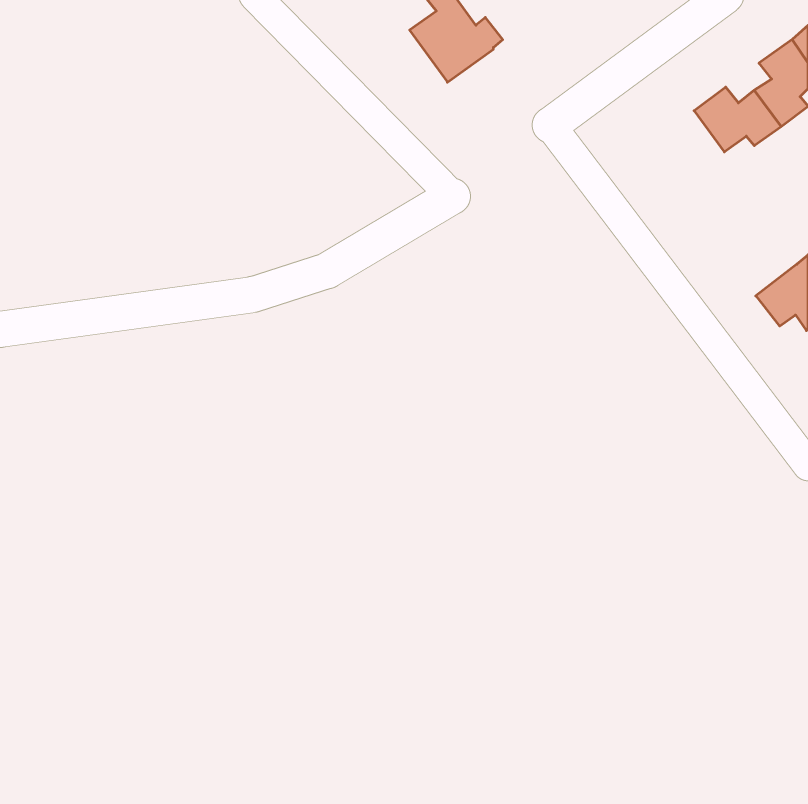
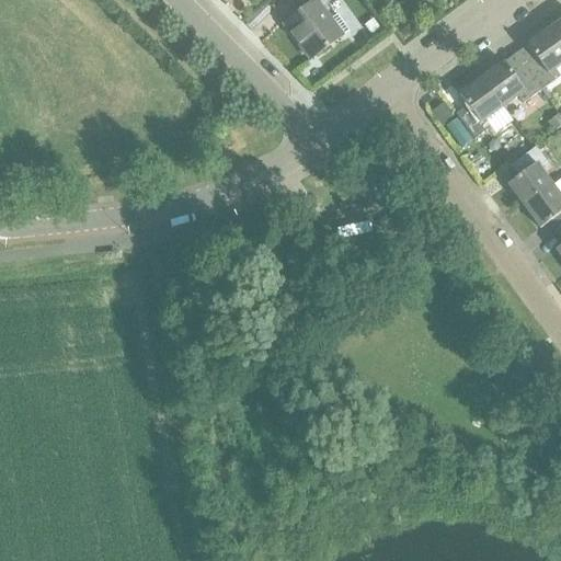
building: none -> [456,77,502,137]
building: none -> [507,145,552,205]

